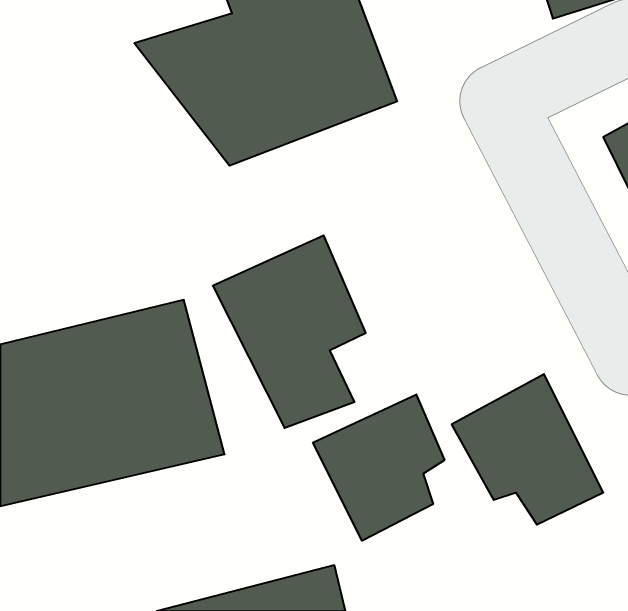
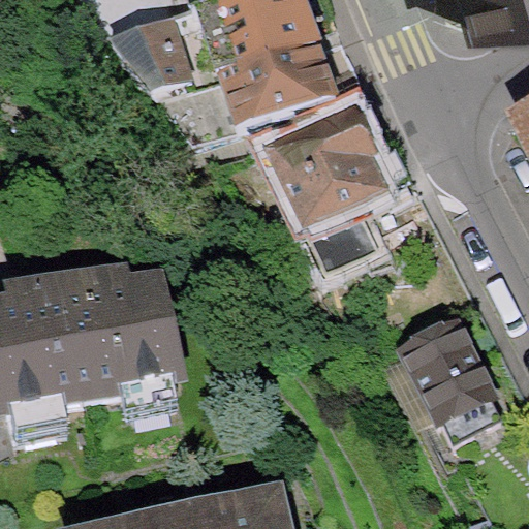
building: [213,235,366,428] -> [260,108,388,270]
building: [313,394,444,541] -> none

